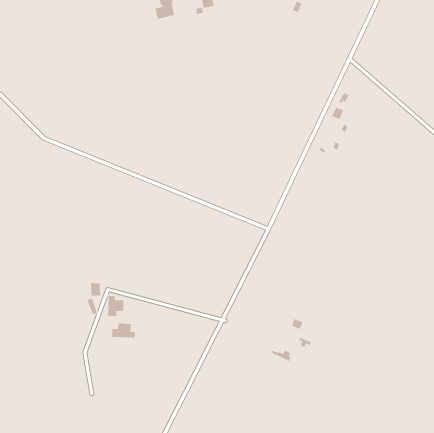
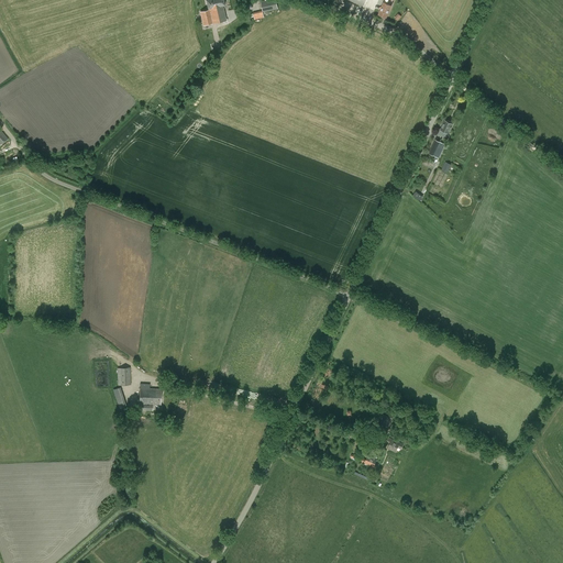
building: [112,322,135,338] -> none

